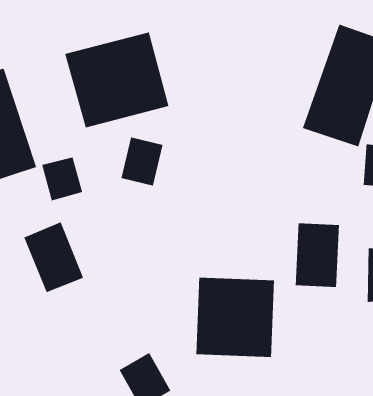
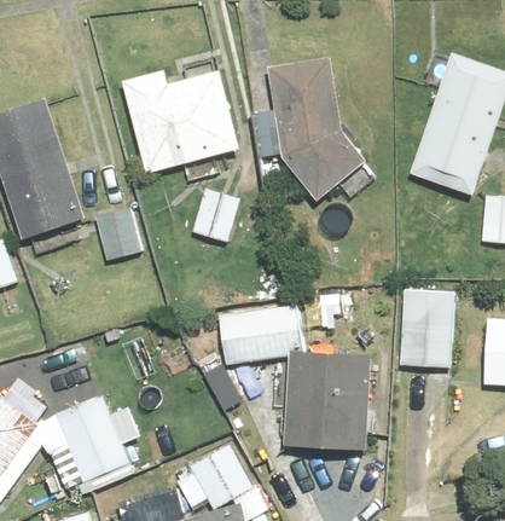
building: none -> [249,56,368,199]
building: [23,221,84,293] -> [59,400,133,487]
building: none -> [220,301,298,360]

